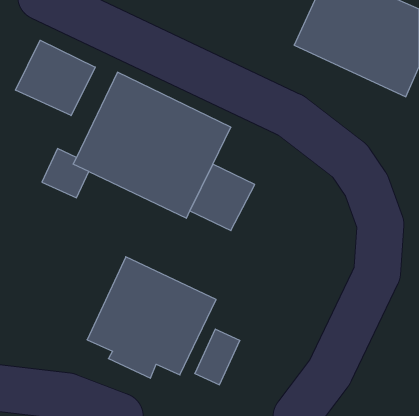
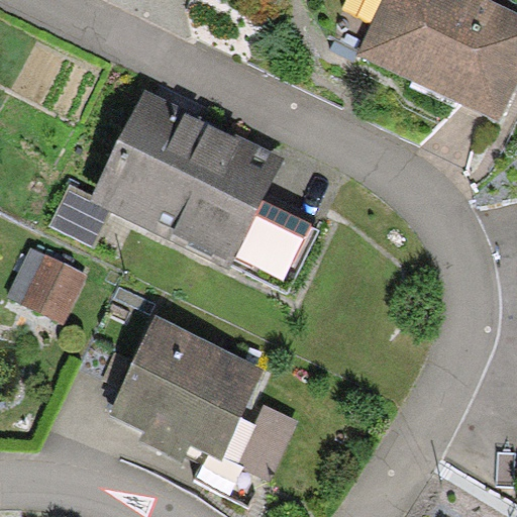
building: [16,40,95,116] -> none
building: none -> [10,247,86,320]

